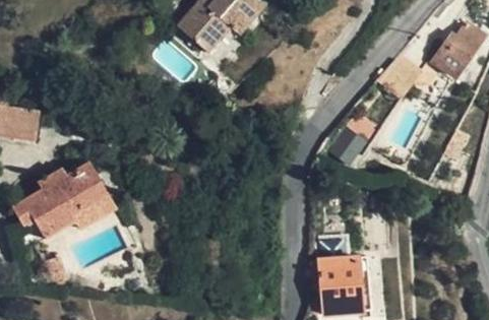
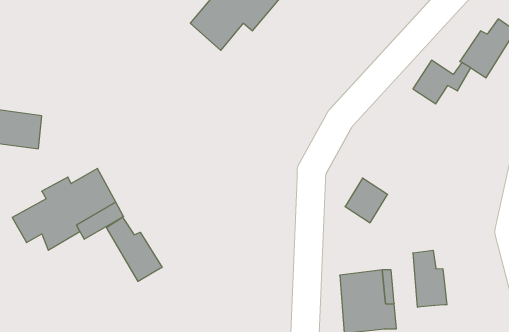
building: [327,124,367,166] -> [345,178,388,223]
building: none -> [107,217,162,281]
building: none -> [413,250,447,307]

